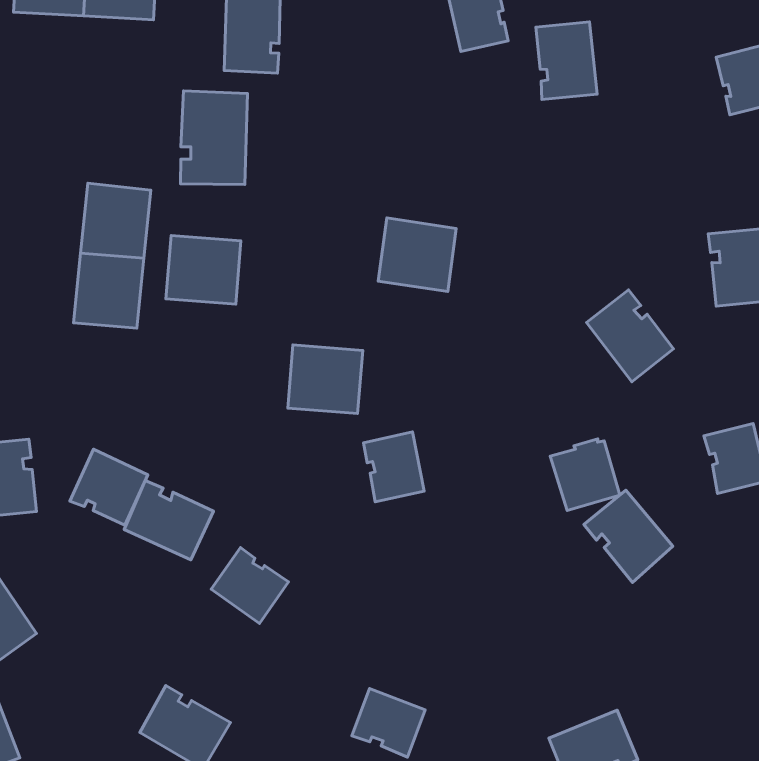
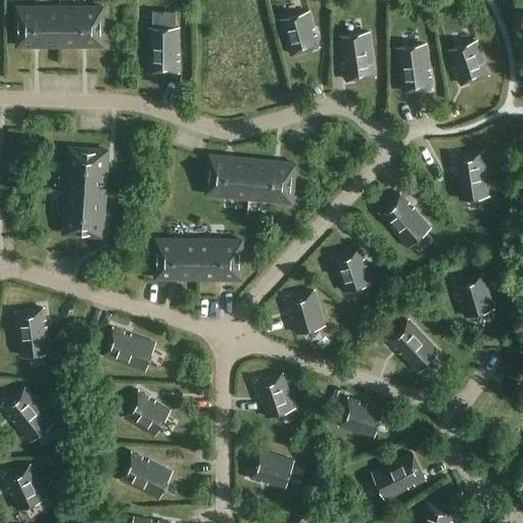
building: none -> [395,45,435,94]
building: [180,91,248,184] -> none
building: none -> [207,154,253,197]
building: [166,235,241,304] -> [156,238,200,278]
building: [363,432,424,502] -> [285,288,324,332]
building: [550,439,620,511] -> [330,245,374,290]
building: [70,449,148,525] -> none
building: [211,547,289,624] -> [125,390,172,436]
building: none -> [255,372,295,416]
building: none -> [337,396,382,437]

